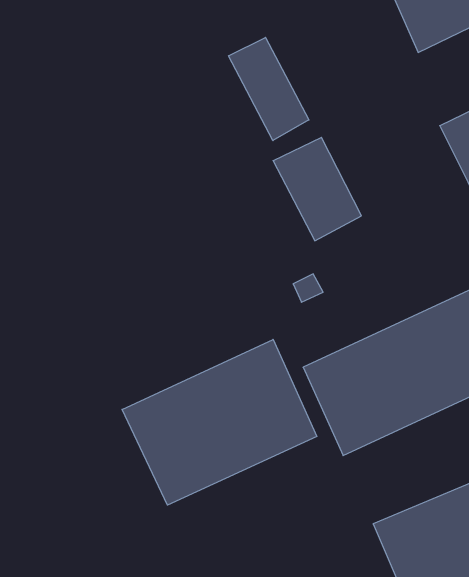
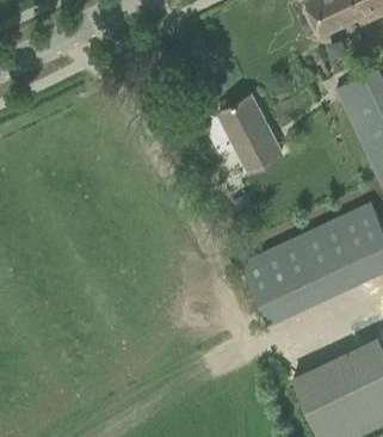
building: [229,37,309,141] -> none
building: [122,339,317,505] -> none

